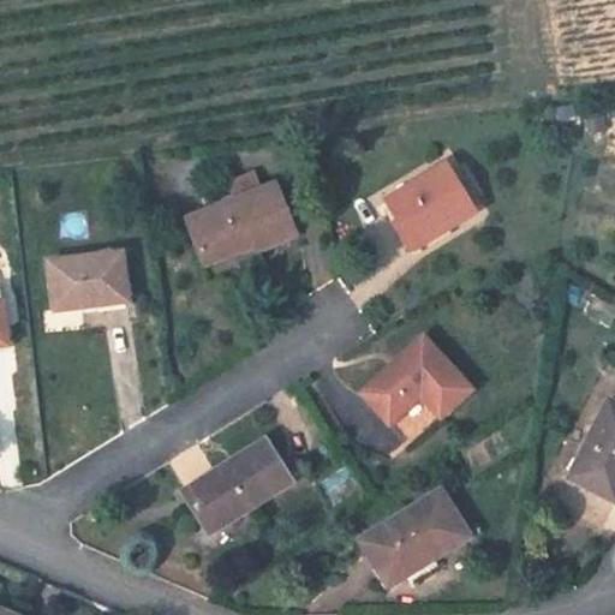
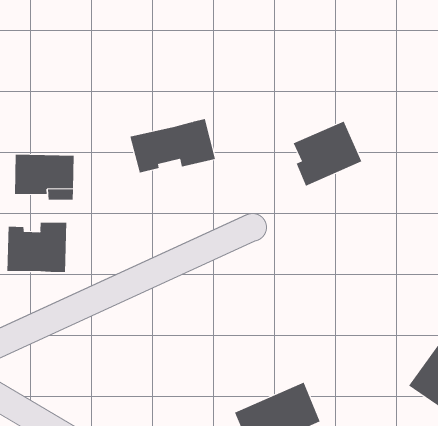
building: none -> [7,222,67,273]
building: [363,335,471,443] -> none
building: [184,440,289,530] -> none

